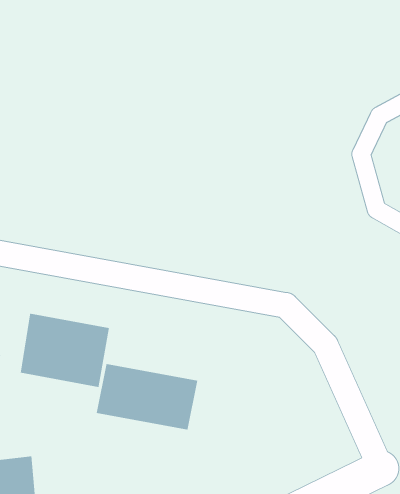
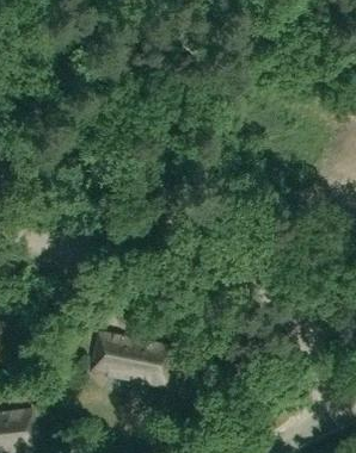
building: [20,313,110,388] -> none

